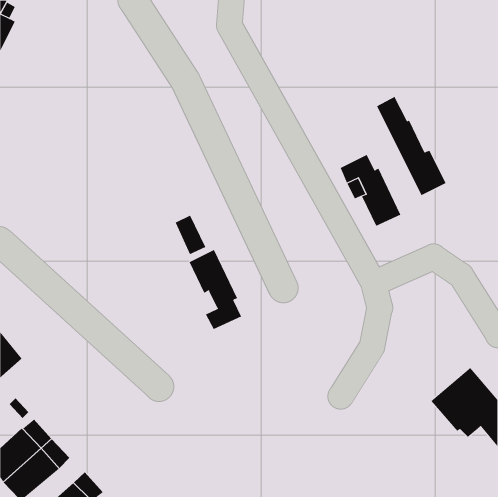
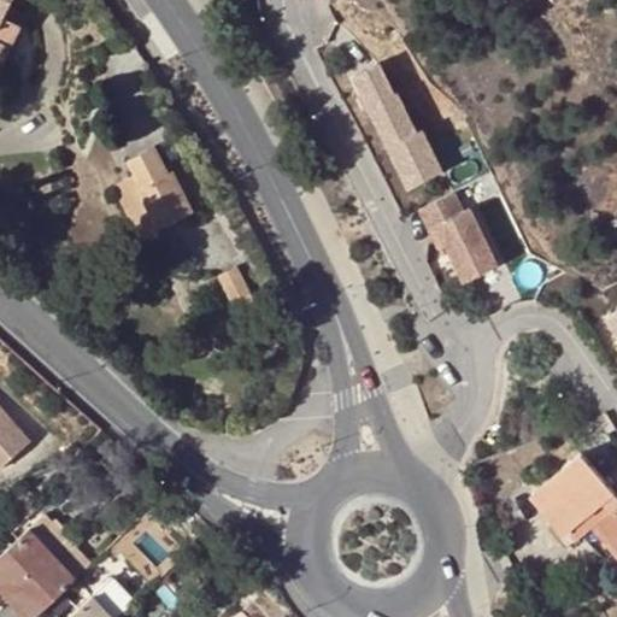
building: [376,96,446,196] -> [354,66,441,189]
building: none -> [122,146,194,234]
building: [189,249,242,330] -> none

